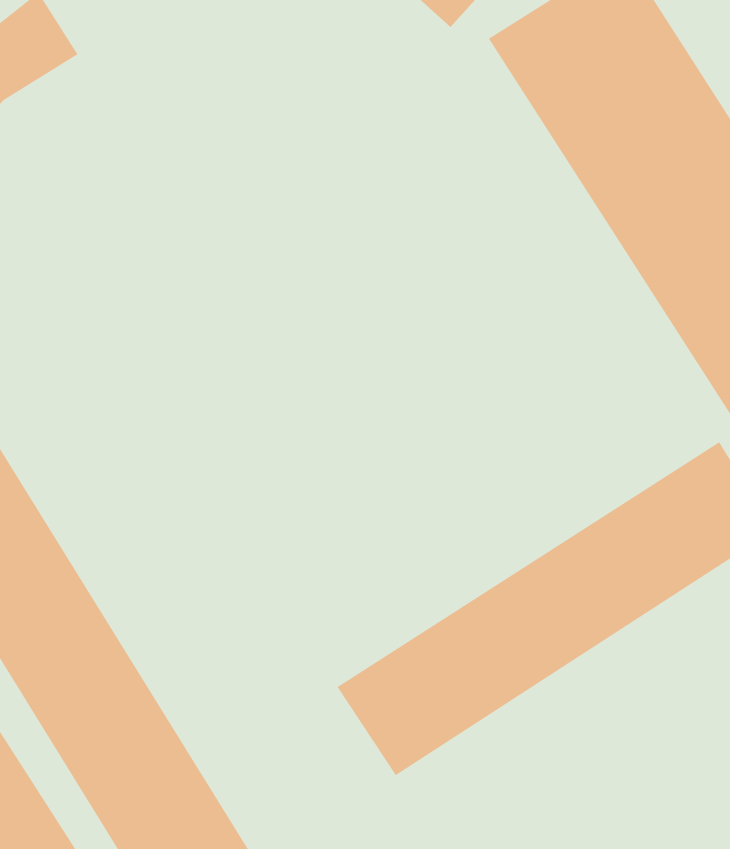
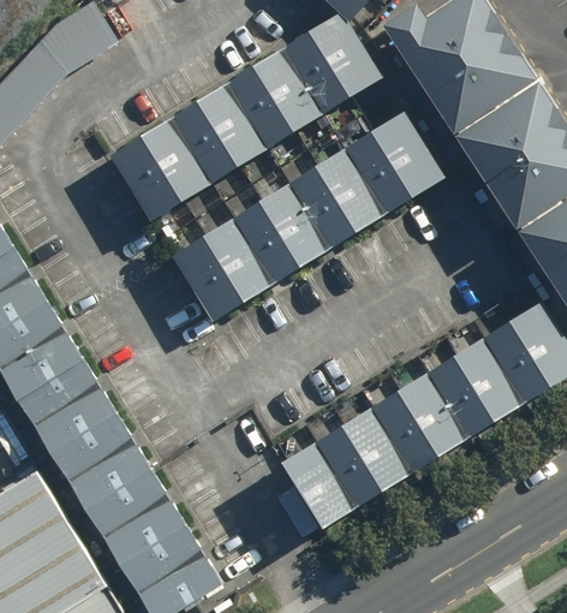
building: none -> [115,16,382,222]
building: none -> [172,113,440,322]

